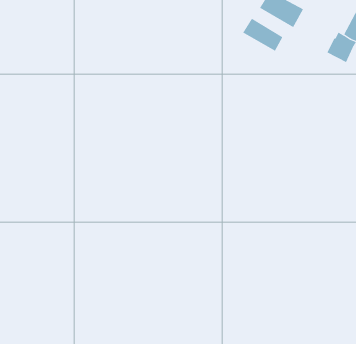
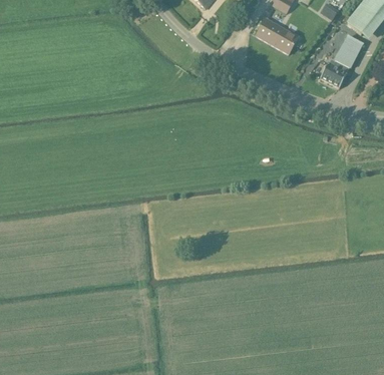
building: [243,18,283,51] -> none

